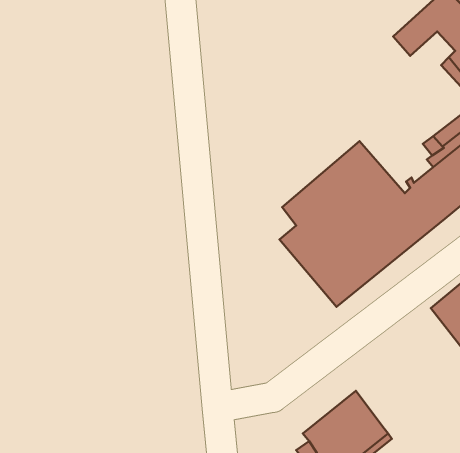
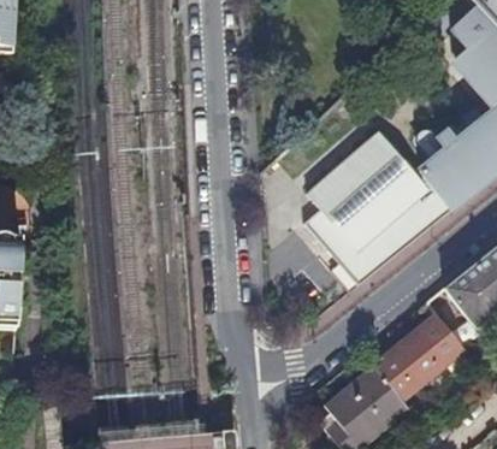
building: none -> [374,314,463,400]

